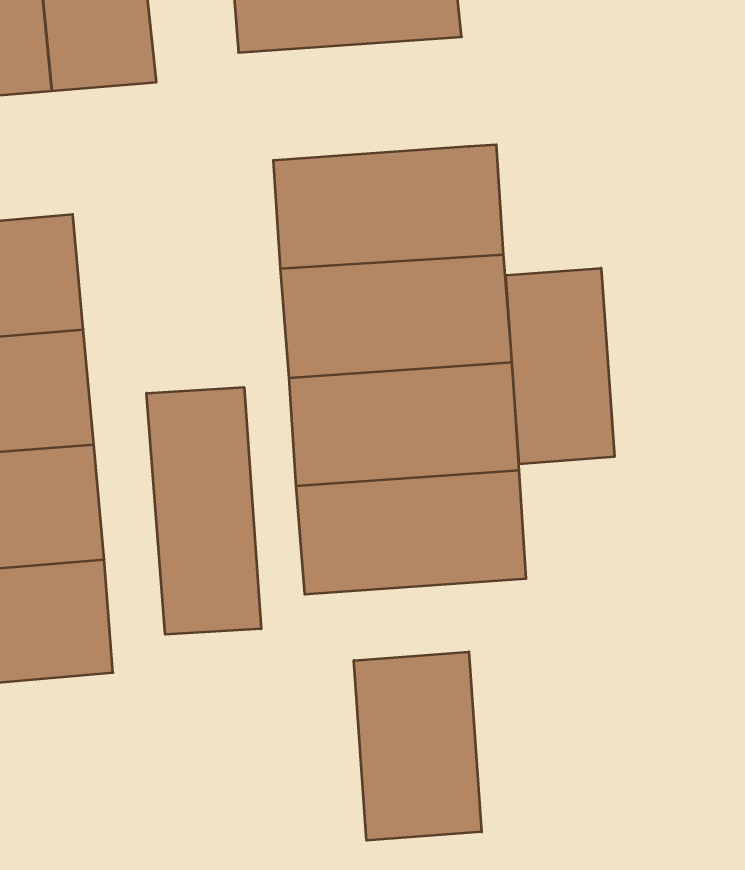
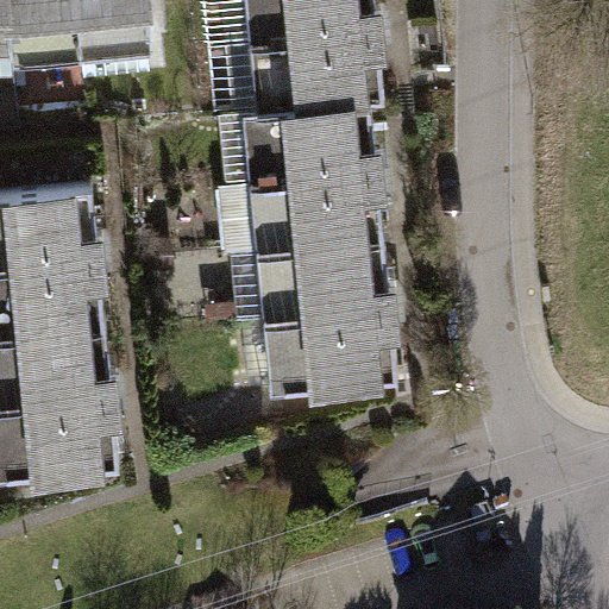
building: none -> [202,29,359,113]
building: [506,268,614,464] -> none
building: [147,387,261,634] -> none
building: [354,652,482,840] -> none

